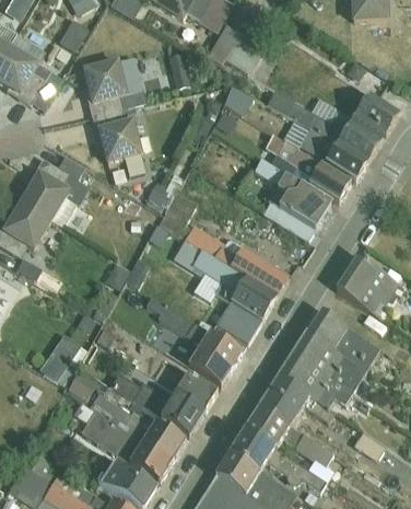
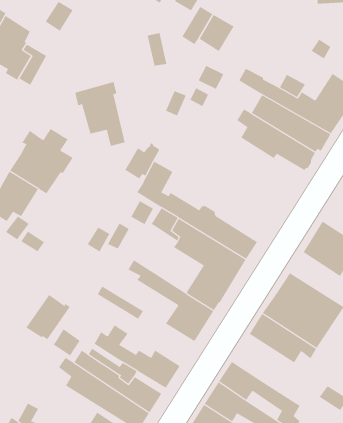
building: [84,57,143,117] -> none
building: [254,160,332,241] -> none
building: [132,355,218,412] -> none
building: [259,377,333,427] -> none

